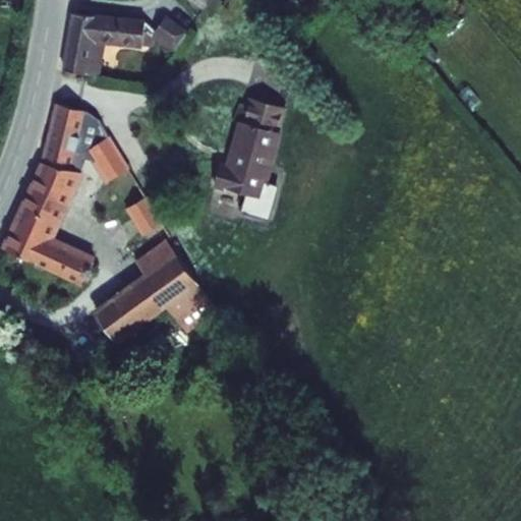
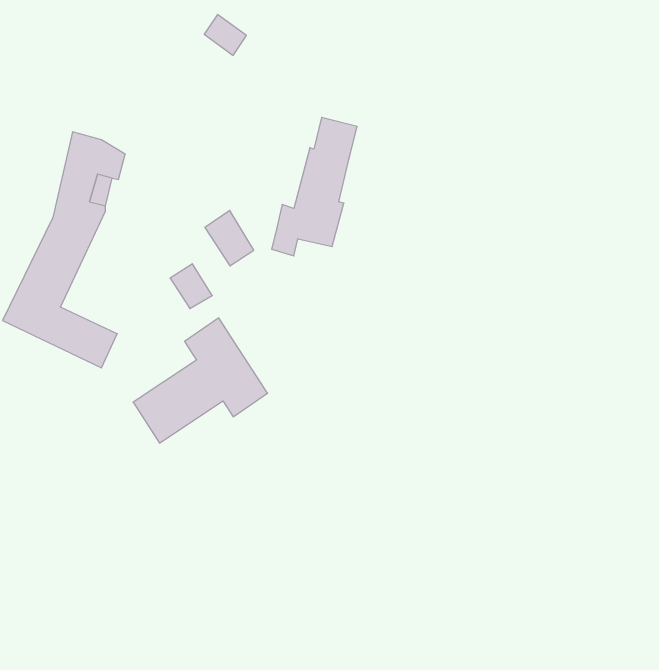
building: [64,12,146,70] -> none
building: [93,143,130,186] -> [205,210,254,266]

